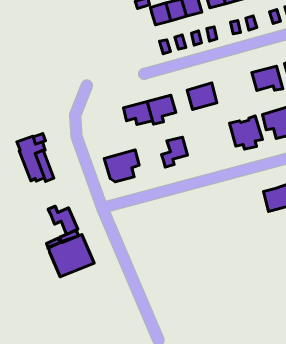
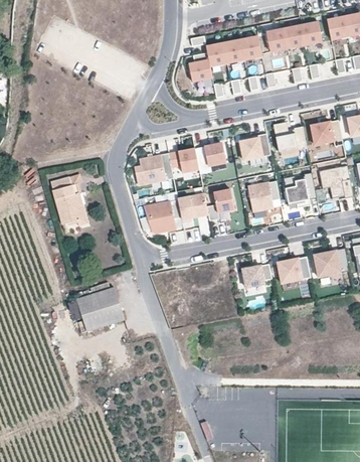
building: none -> [188,52,212,82]
building: none -> [273,122,307,151]
building: none -> [136,153,173,185]
building: none -> [248,181,280,211]
building: none -> [178,193,208,221]
building: none -> [277,257,311,283]
building: none -> [241,264,272,288]
building: [48,206,78,234] -> none

